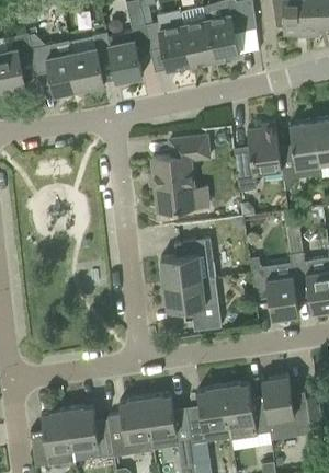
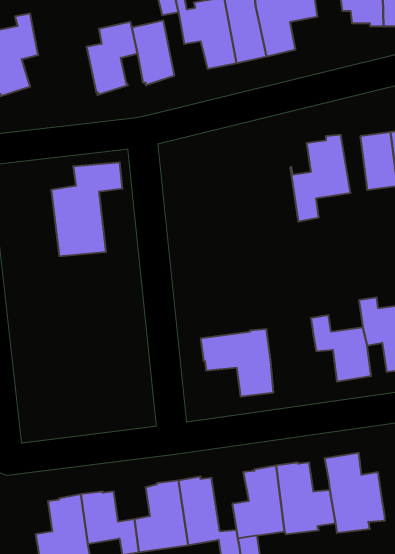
building: [31,45,79,95] -> none
building: [151,138,208,212] -> [51,162,123,256]
building: [160,240,215,286] -> none

